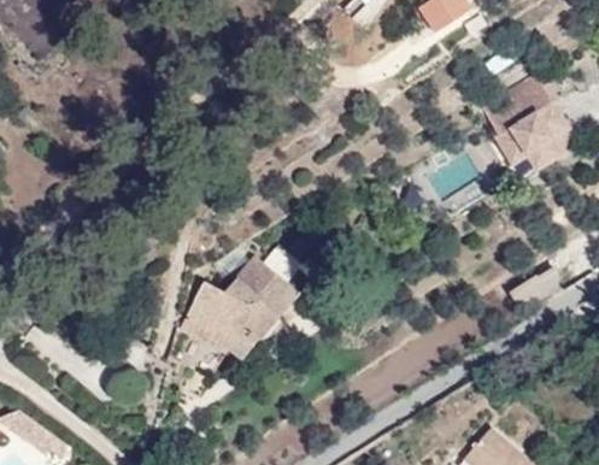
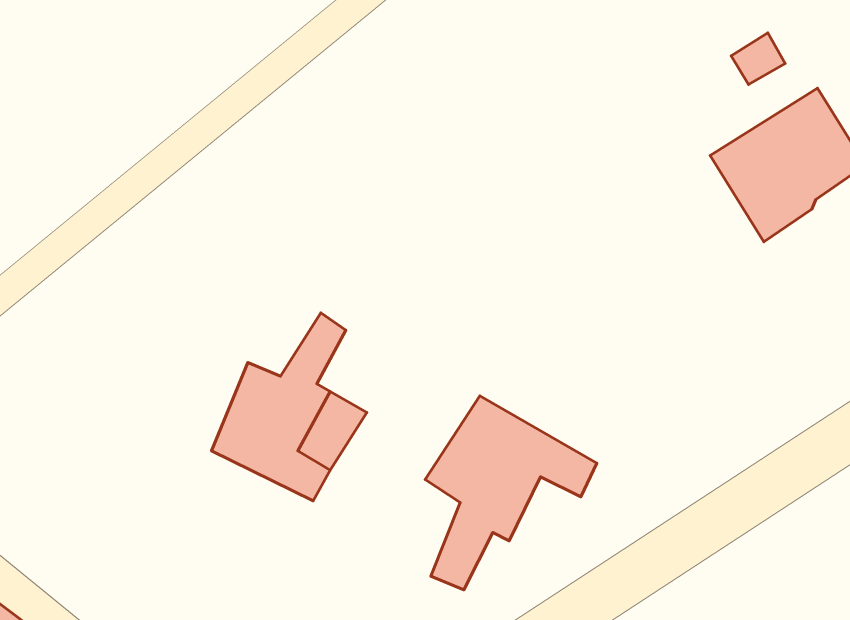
building: [245,254,298,306] -> none
building: none -> [425,396,597,590]

